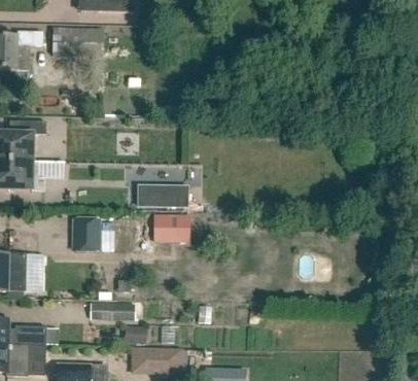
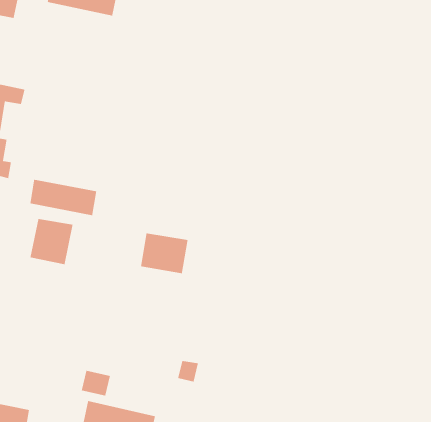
building: [139,184,188,205] -> [29,179,97,216]
building: [91,302,135,319] -> none

